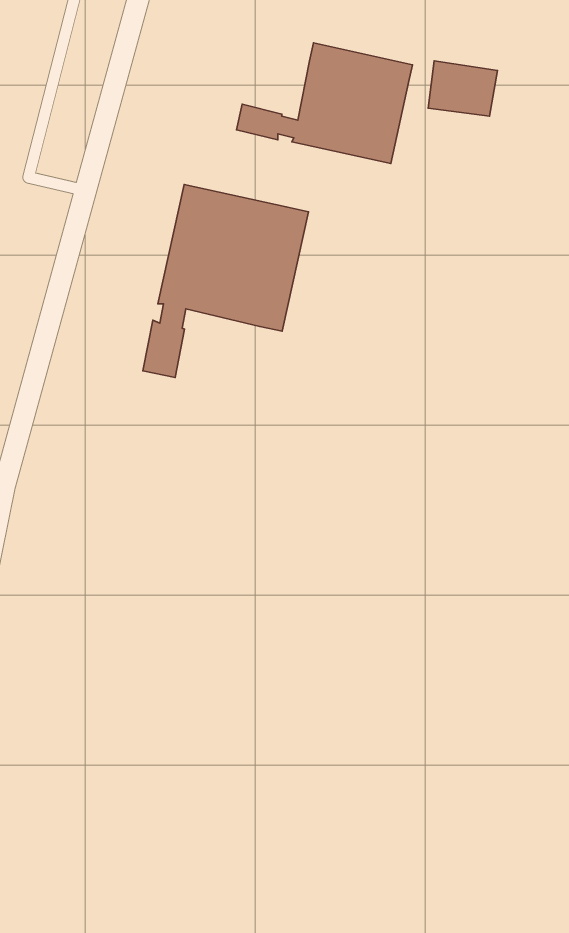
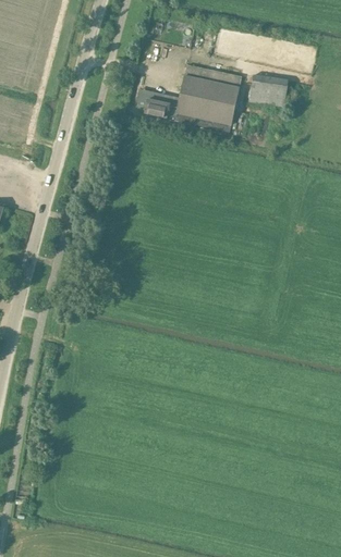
building: [143,184,309,378] -> none

